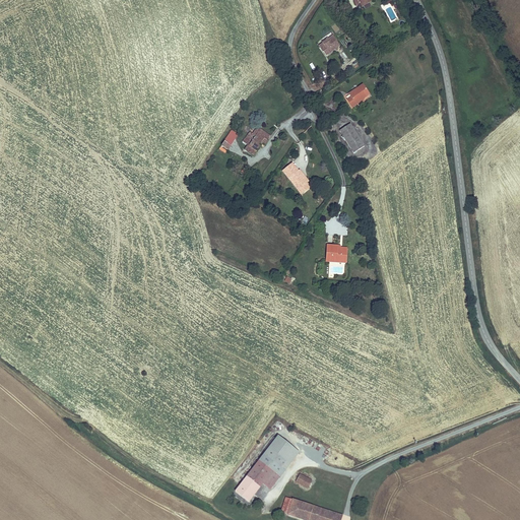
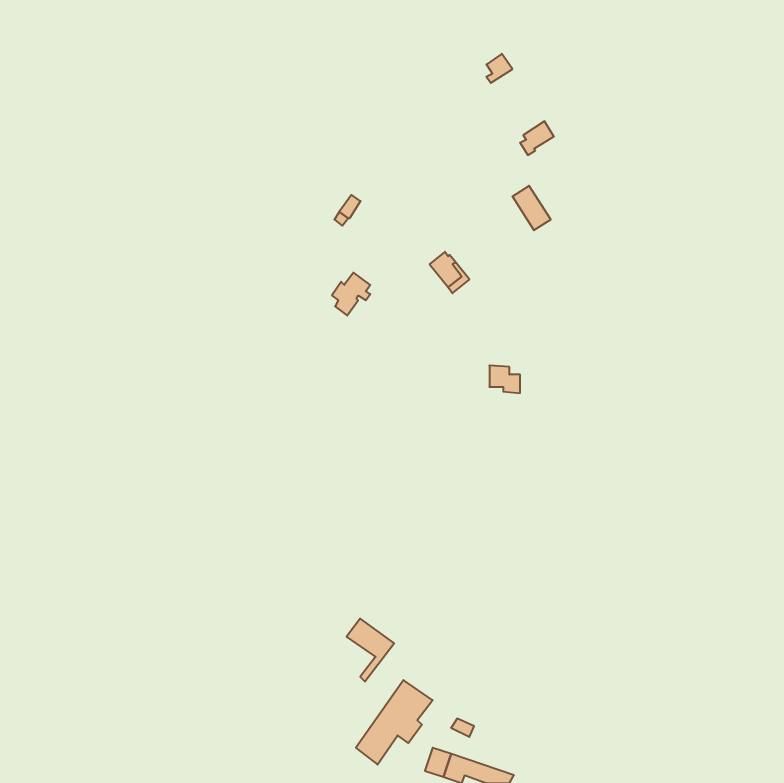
building: [243,126,268,154] -> [332,273,370,316]
building: [267,438,299,479] -> [347,619,394,682]

